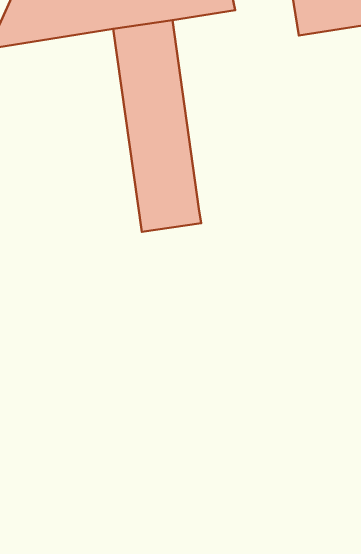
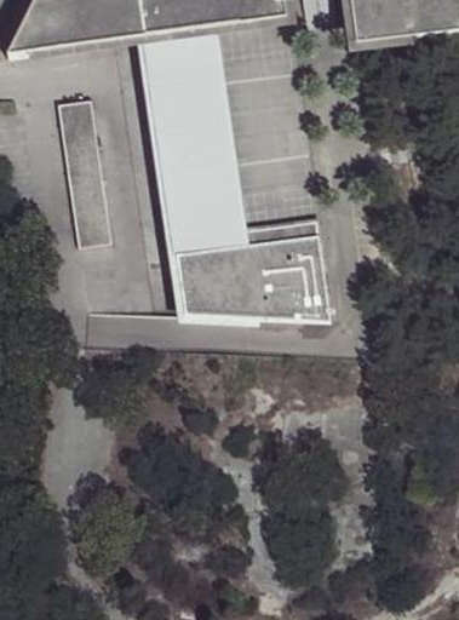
building: none -> [56,98,111,247]
building: none -> [173,219,329,321]

